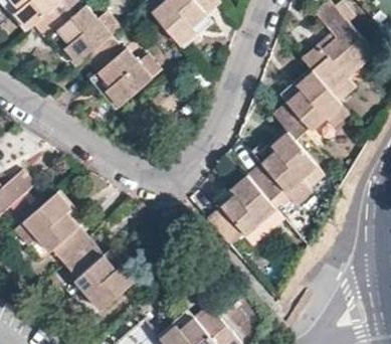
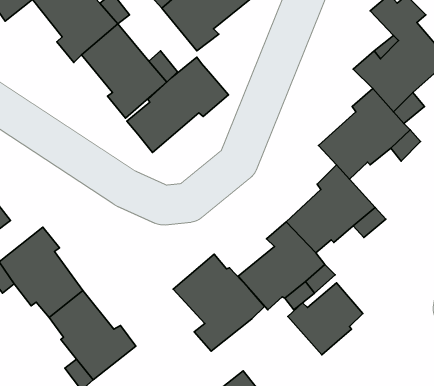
building: none -> [127,57,228,152]
building: none -> [173,254,265,351]
building: none -> [288,283,363,355]

